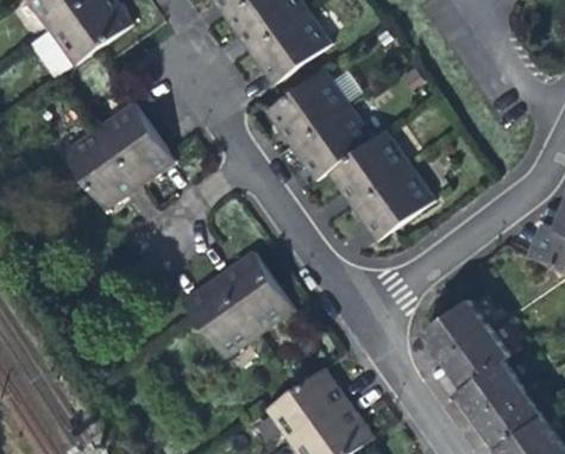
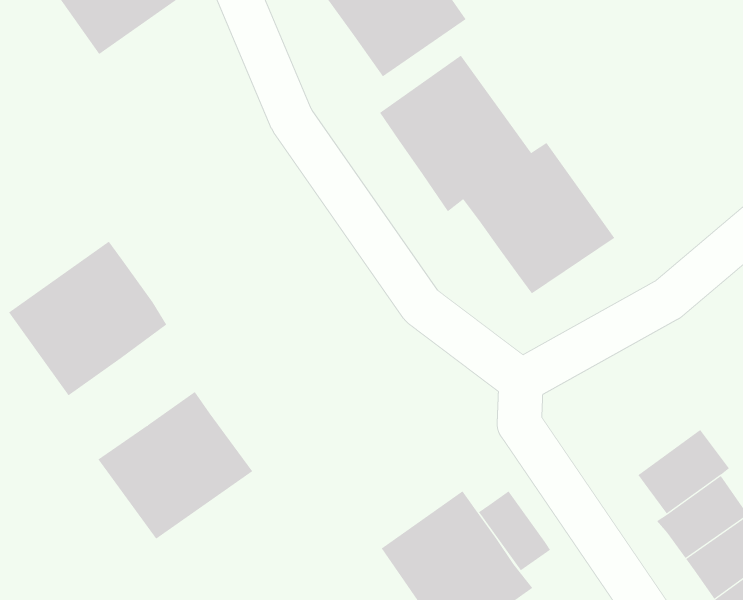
building: [62,105,172,213] -> [8,241,167,396]
building: [184,254,293,358] -> [98,391,253,540]
building: [423,298,489,359] -> none
building: none -> [478,491,551,571]

